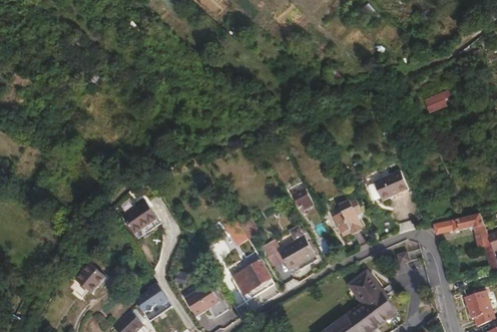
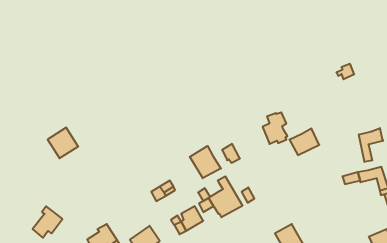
building: none -> [359,128,383,162]
building: none -> [190,146,221,178]
building: [333,199,362,236] -> [263,112,287,144]
building: [124,204,160,240] -> [48,128,78,158]

